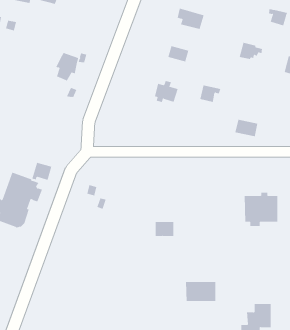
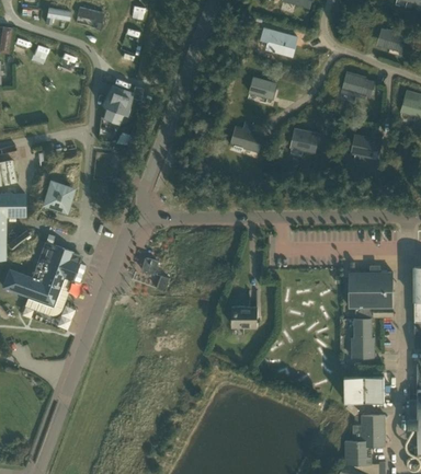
building: [235,119,258,137] -> [351,135,382,158]
building: [31,162,52,181] -> [45,183,72,207]
building: none -> [352,313,375,358]
building: [185,282,216,302] -> [344,374,385,401]

